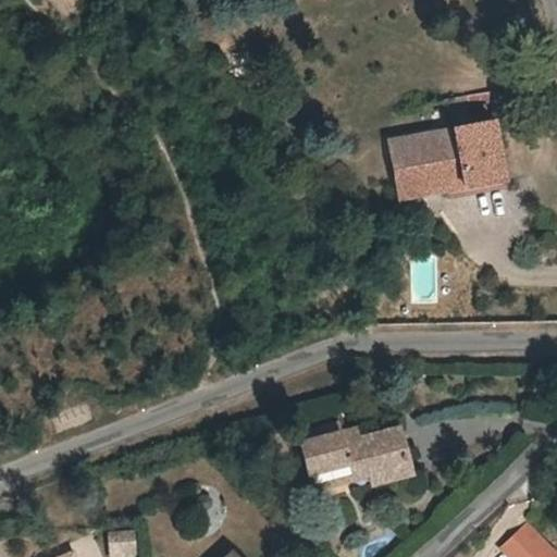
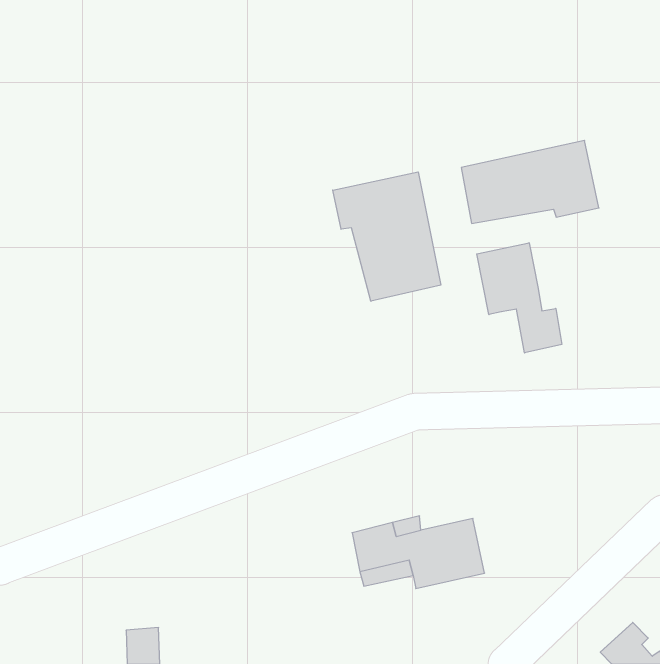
building: none -> [333,172,441,301]
building: none -> [477,243,562,353]

